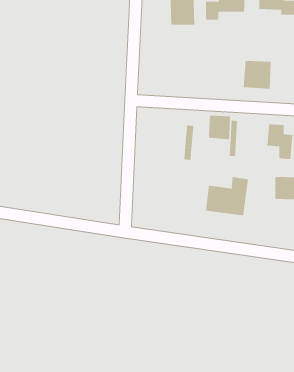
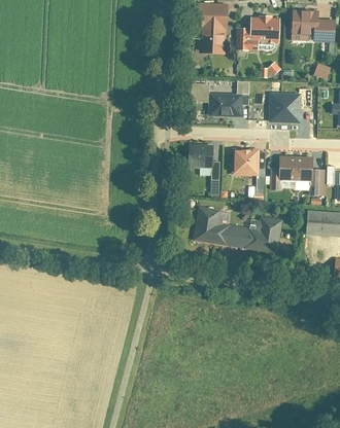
building: none -> [207,94,242,116]
building: none -> [188,142,216,167]
building: none -> [281,155,301,179]
building: none -> [197,201,238,247]

